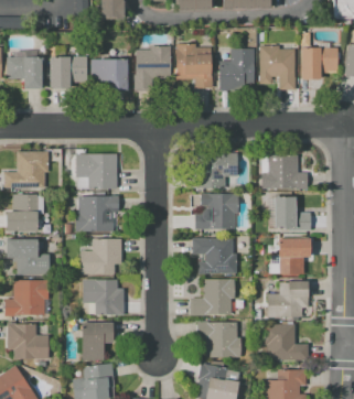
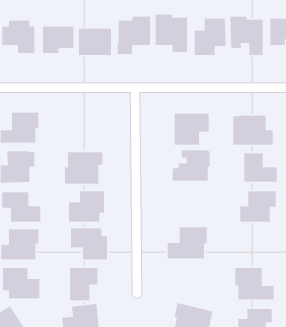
building: [68,154,117,188] -> none
building: [191,238,234,273] -> none
building: [266,282,308,319] -> none
building: [196,322,240,357] -> none

